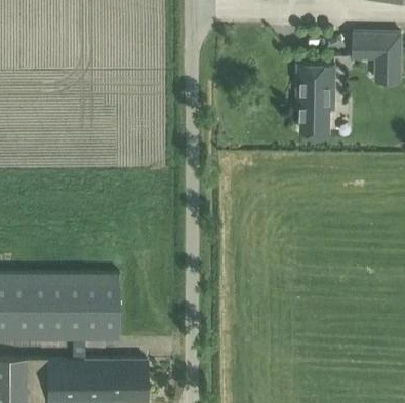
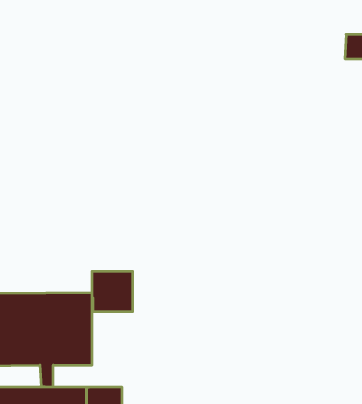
building: [298,65,336,134] -> none
building: none -> [92,271,133,312]

